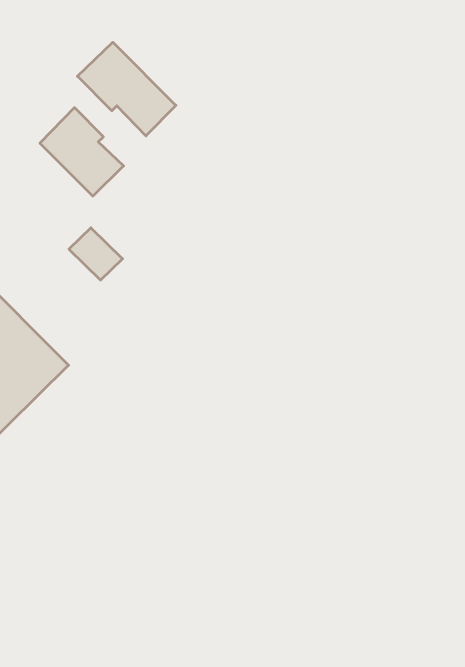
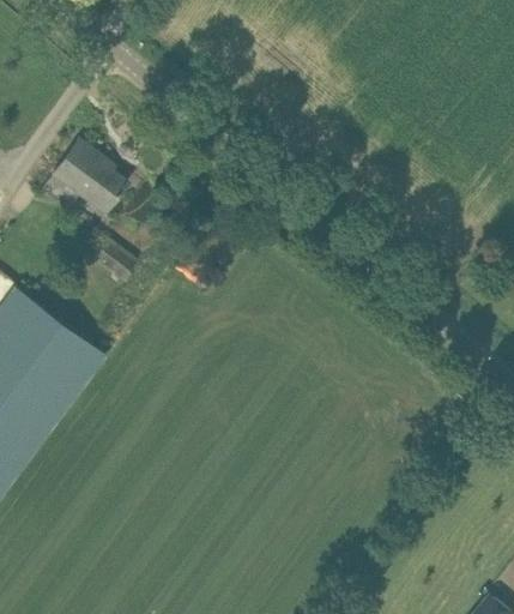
building: [77,42,176,136] -> none

